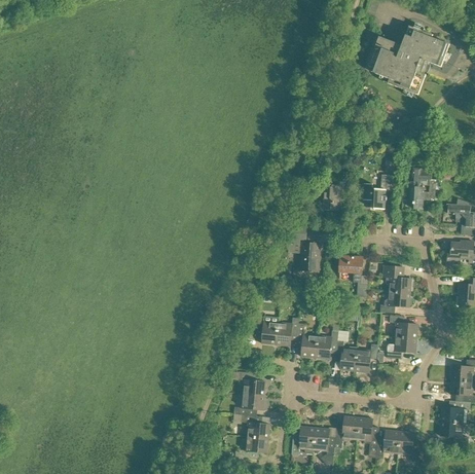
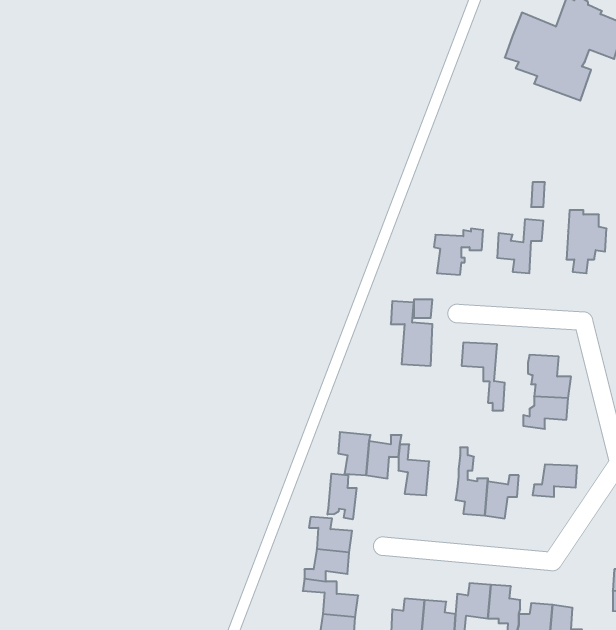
building: [390,316,418,338] -> none
building: [316,330,338,360] -> none
building: none -> [328,474,357,519]

